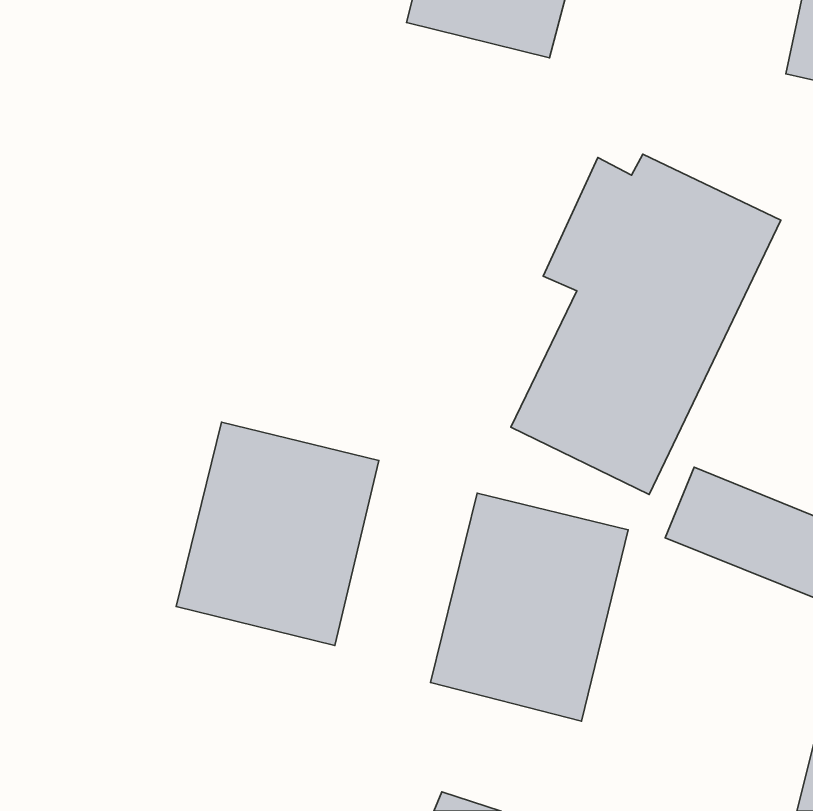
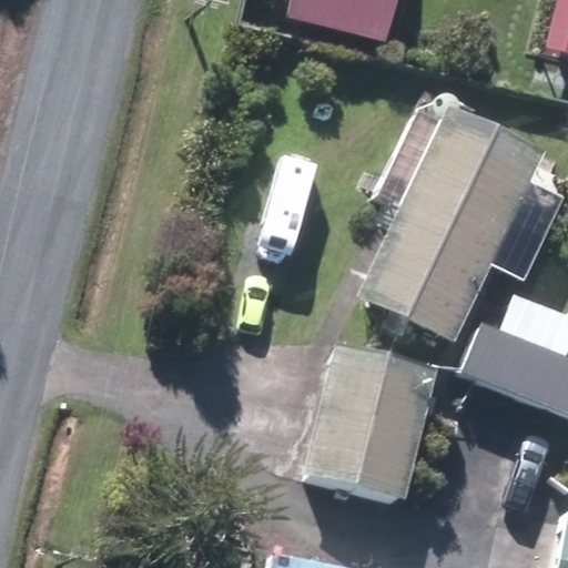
building: [176,422,379,646] -> none

